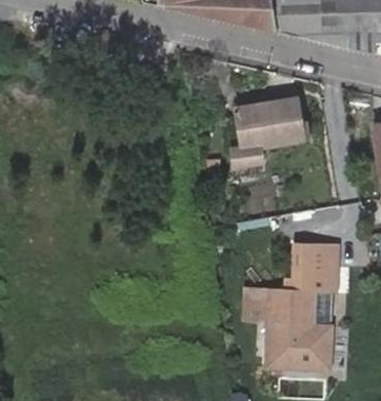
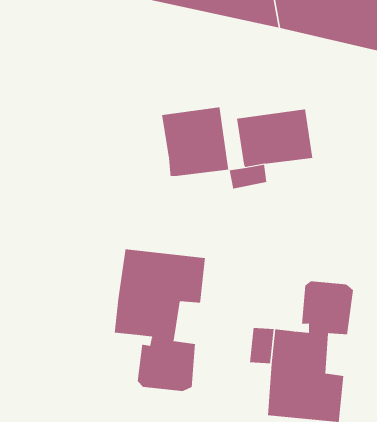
building: none -> [162,106,229,177]
building: none -> [114,249,206,392]

